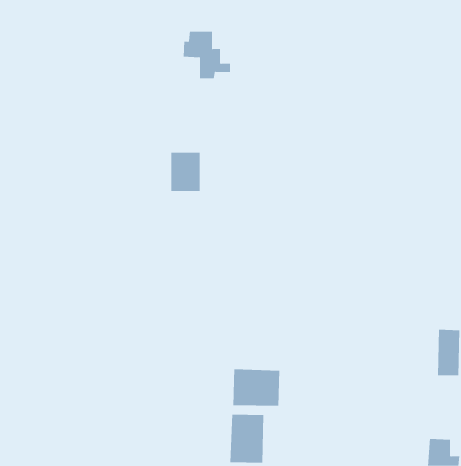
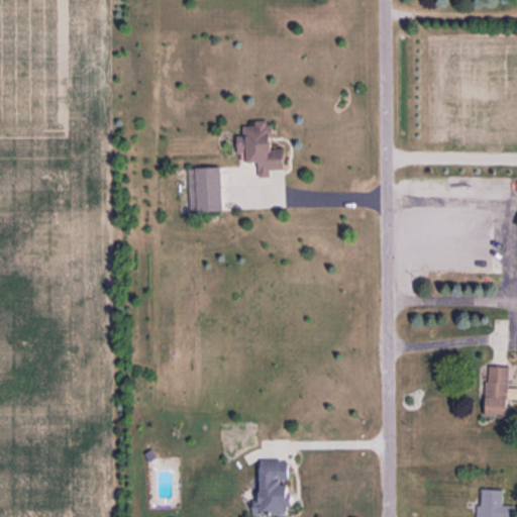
building: [183,31,231,79] -> [234,125,288,178]
building: [233,368,280,406] -> none

